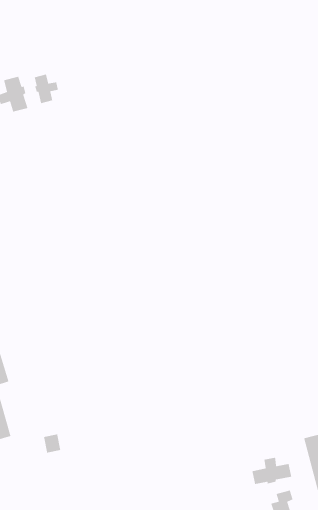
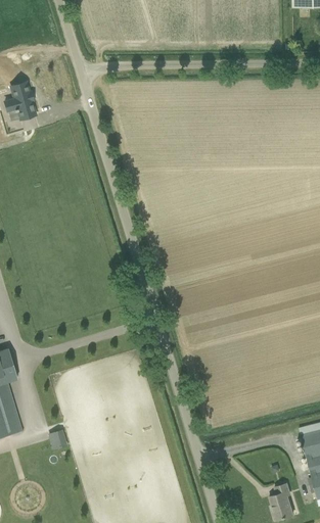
building: [34,73,59,104] -> none
building: [252,457,292,485] -> none

